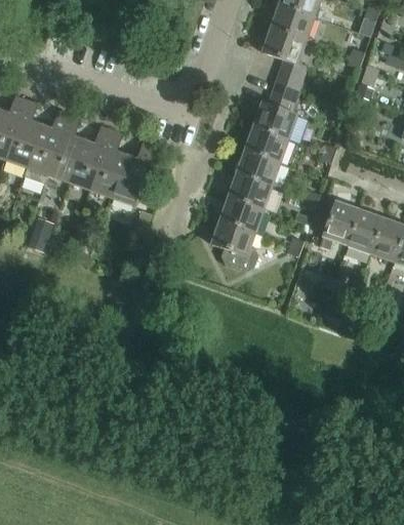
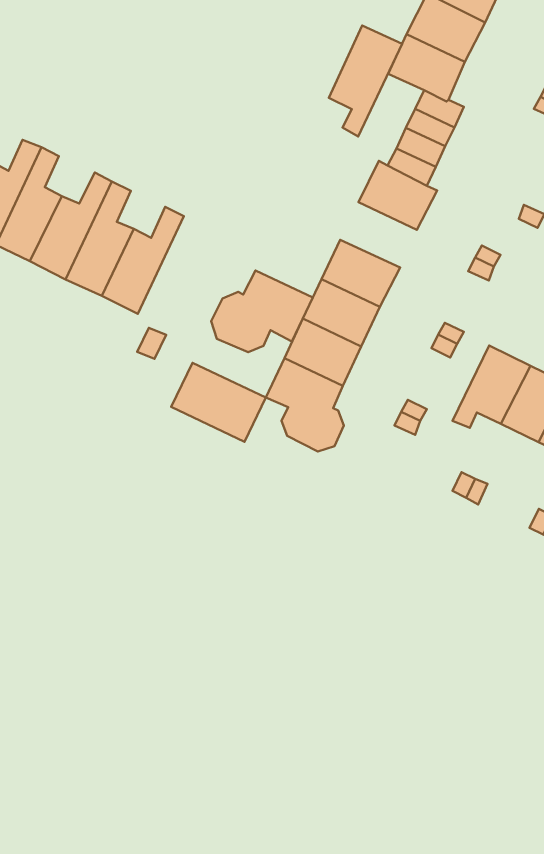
building: none -> [329,26,402,136]
building: [244,126,287,161] -> none
building: none -> [211,270,313,352]
building: none -> [171,363,266,442]

